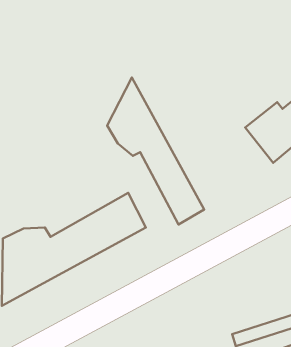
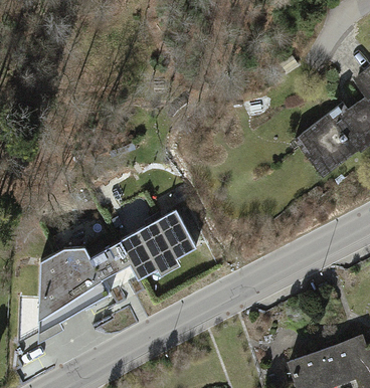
building: [107,77,204,224] -> none

